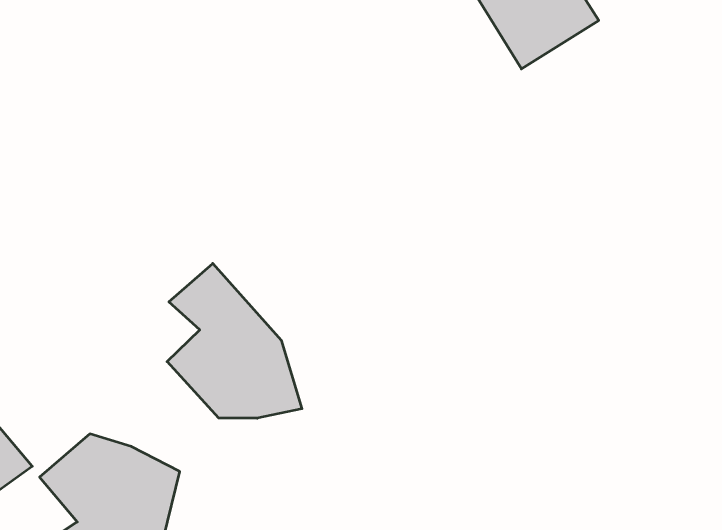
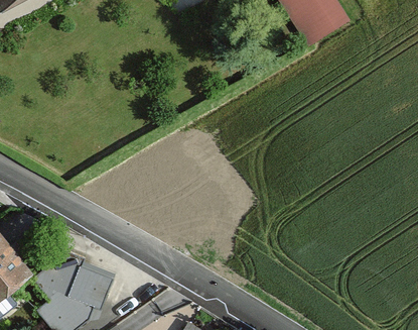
building: [167,263,302,418] -> none

